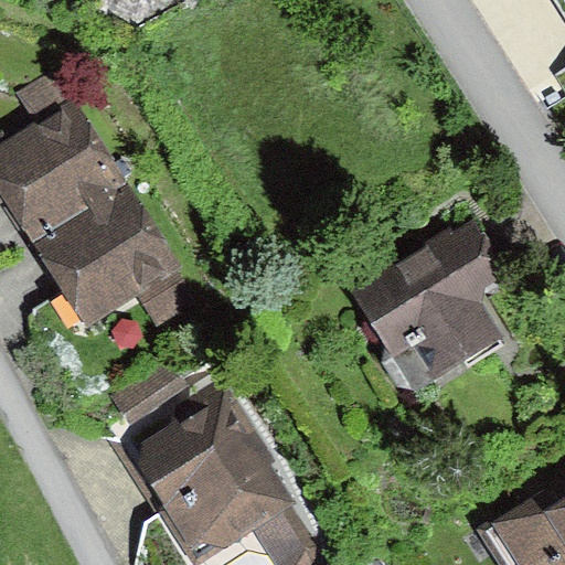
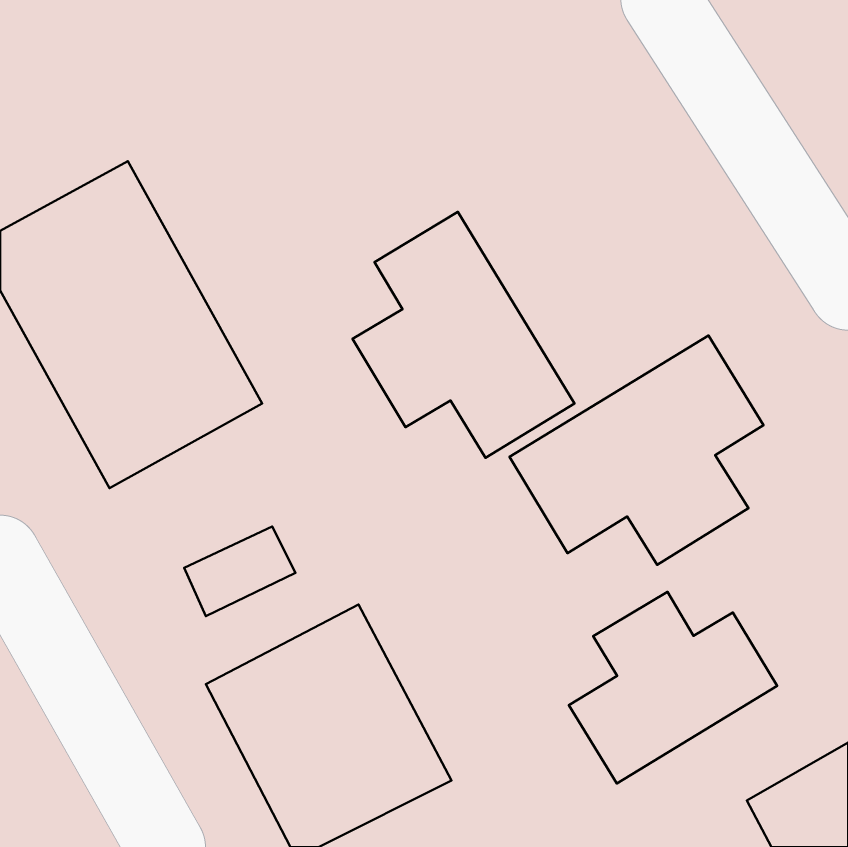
building: none -> [352,212,574,458]
building: none -> [569,592,777,784]

